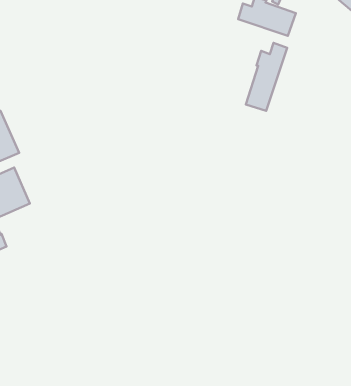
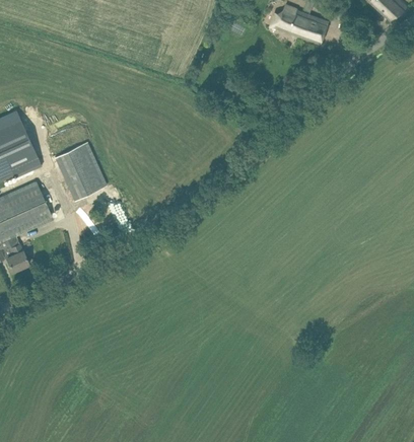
building: [246,43,287,111] -> none
building: none -> [53,140,106,199]

